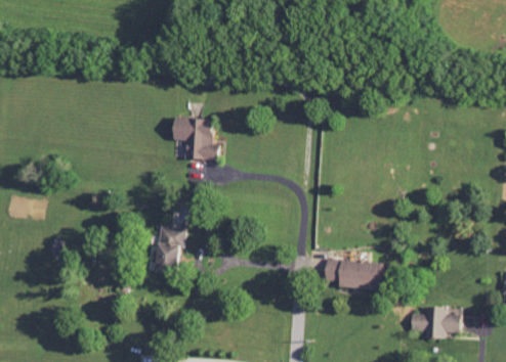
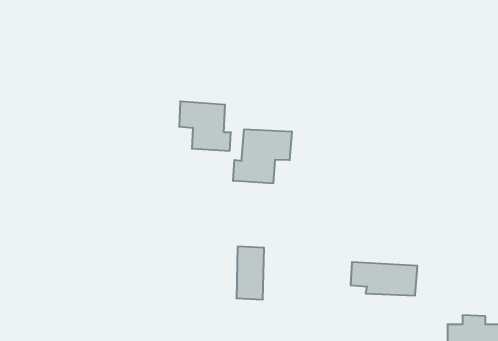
building: none -> [233,129,292,183]
building: [158,226,182,273] -> [236,247,264,299]

